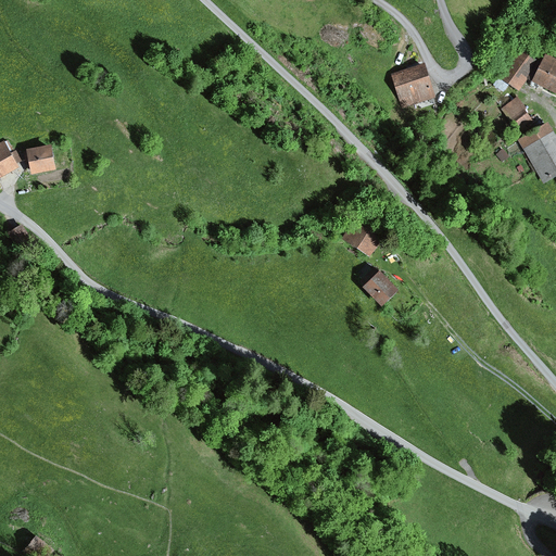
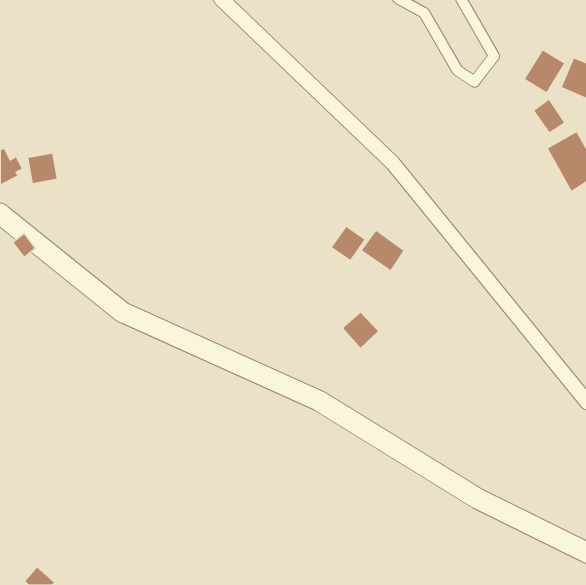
building: [392,64,433,106] -> none
building: none -> [331,226,366,261]
building: [364,270,399,305] -> [342,312,379,349]

